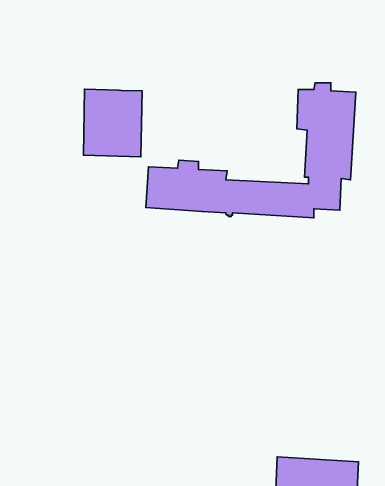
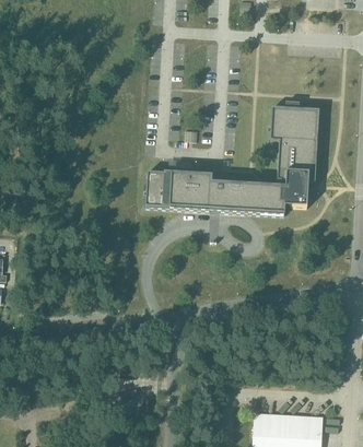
building: [83,89,142,157] -> none

